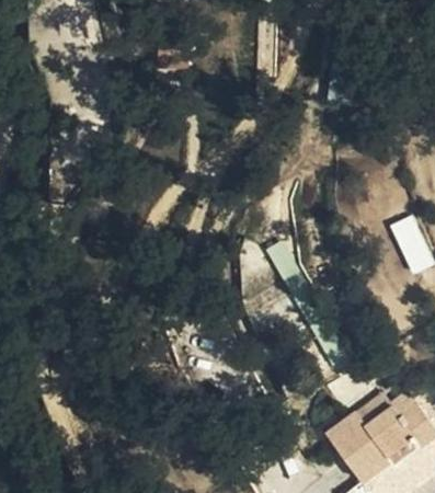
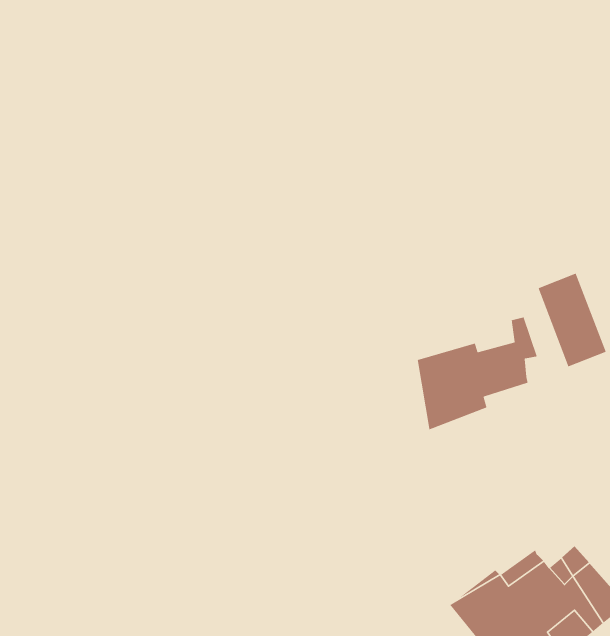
building: none -> [417,316,538,430]

